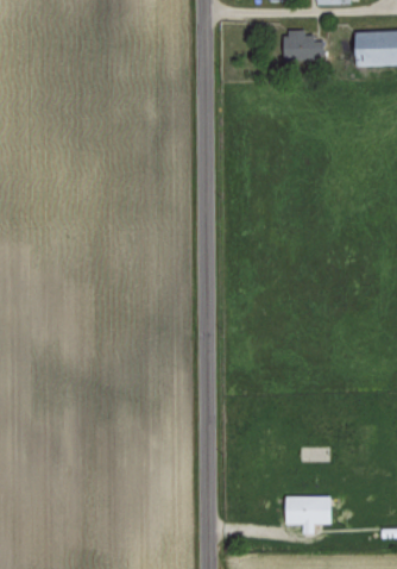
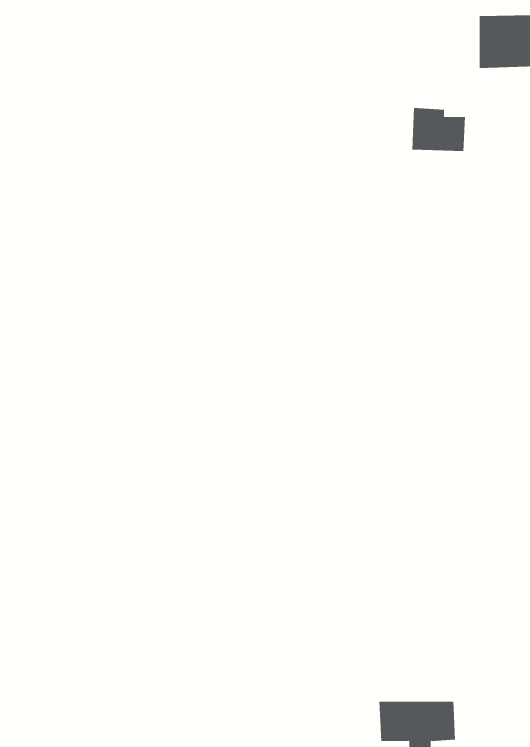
building: [283,30,320,60] -> [411,108,466,152]

